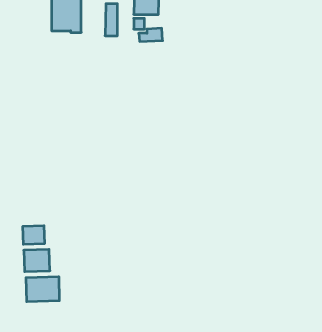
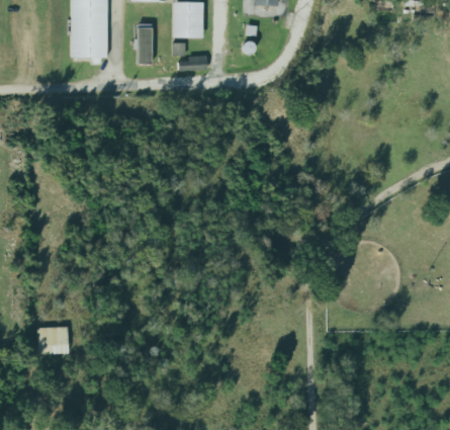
building: [23,226,44,244] -> none
building: [26,277,59,302] -> none

